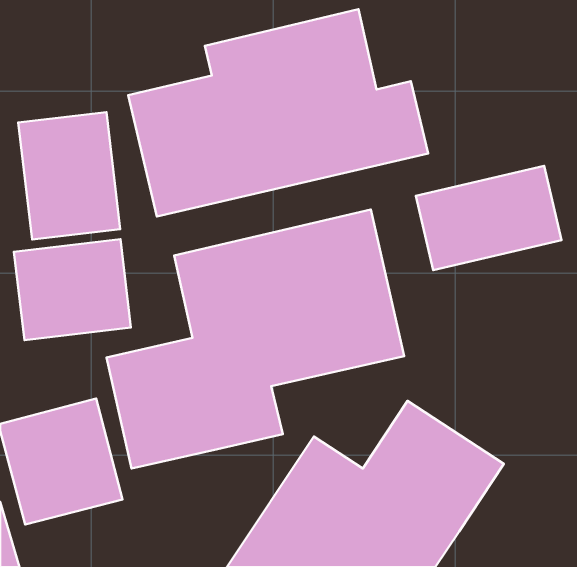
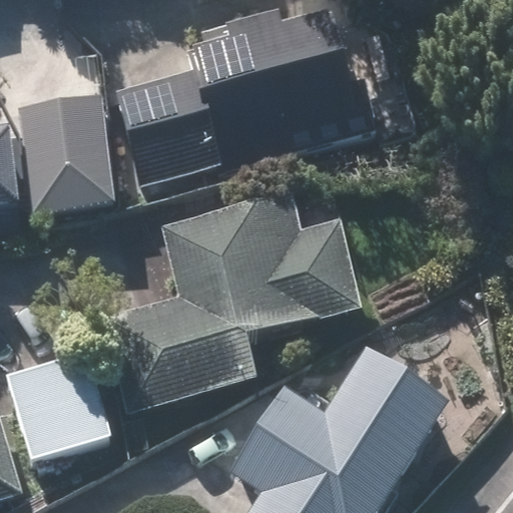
building: [416,166,561,270] -> none
building: [14,239,131,340] -> none

